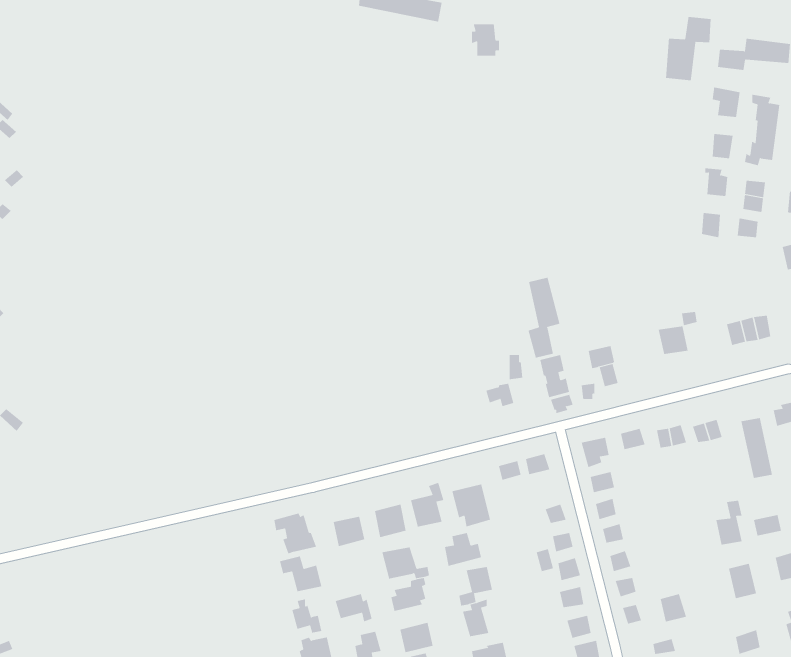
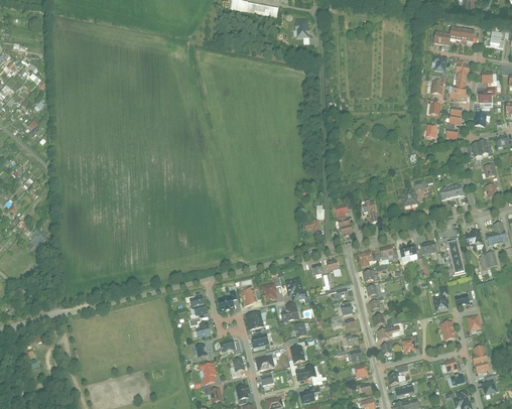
building: [665,16,711,81] -> none
building: [528,277,560,358] -> none

